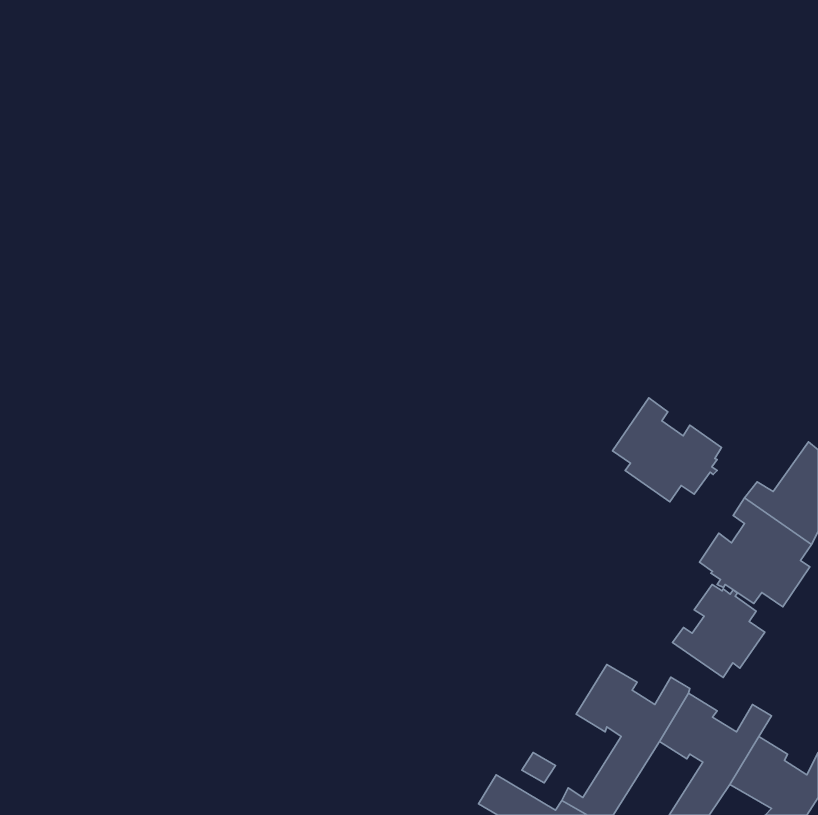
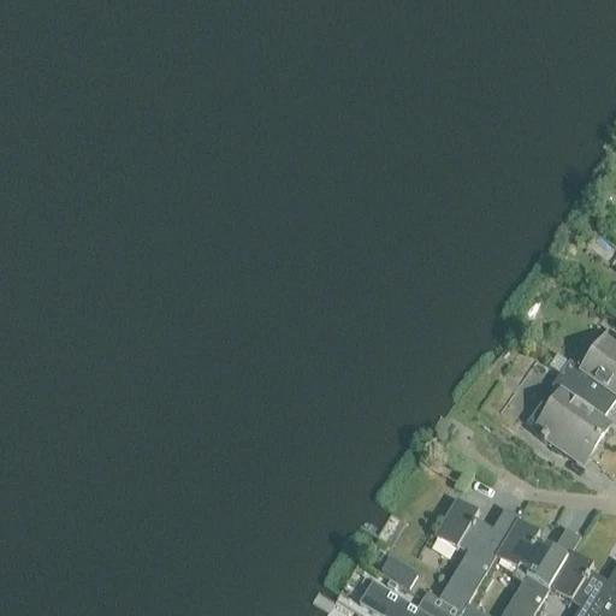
building: [612,398,722,502] -> none
building: [672,584,765,677] -> none

